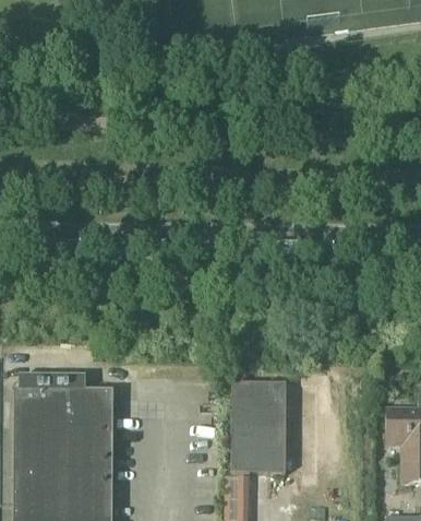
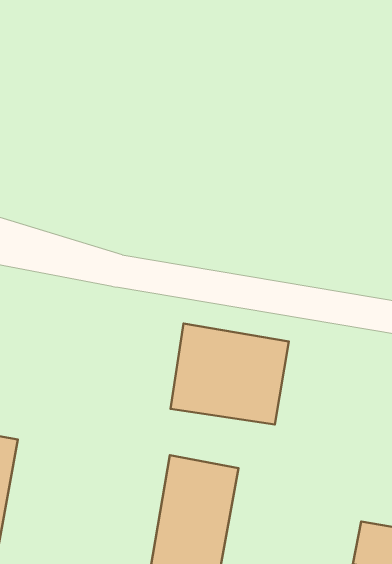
building: none -> [170,324,289,425]

